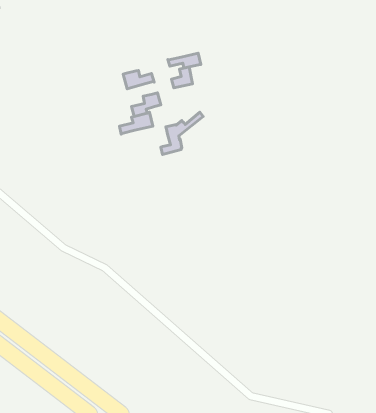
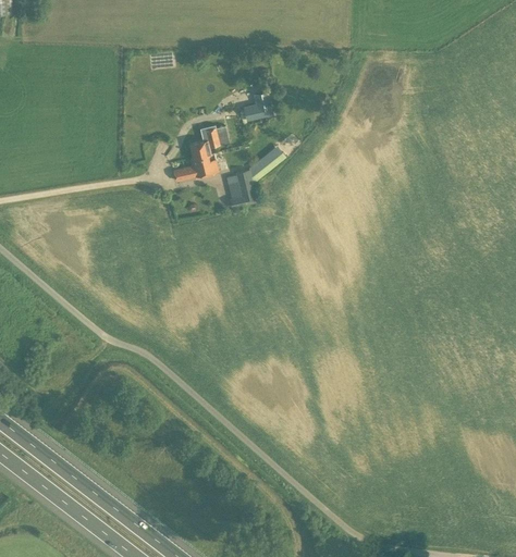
building: [168,53,201,68] -> none
building: [123,70,154,89] -> none

